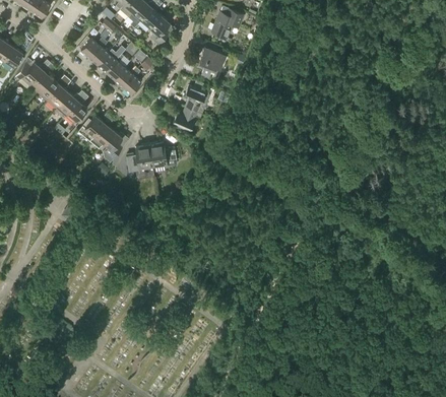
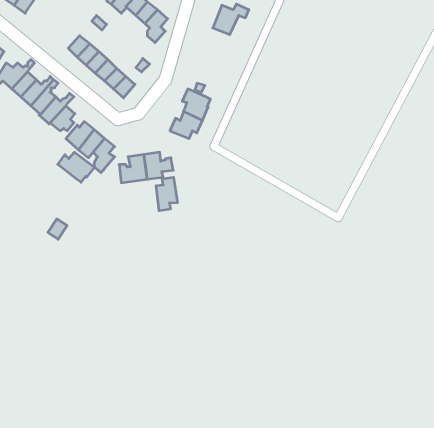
building: [197,47,224,77] -> none
building: none -> [58,152,95,182]
building: none -> [156,177,177,211]

